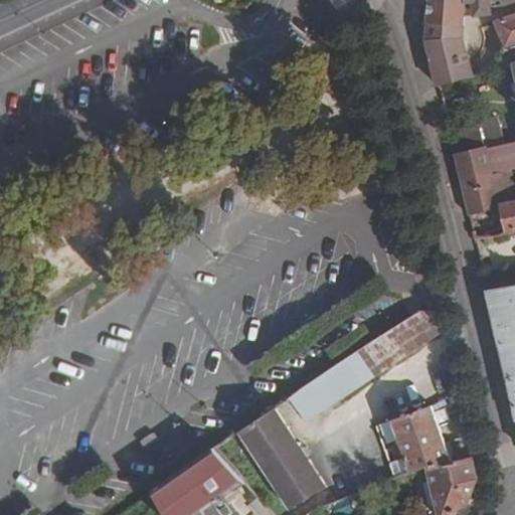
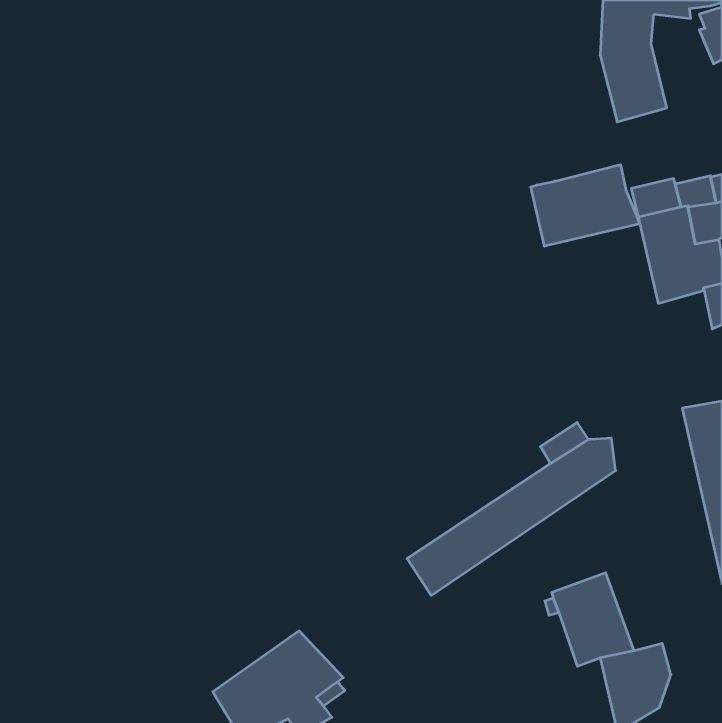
building: none -> [531,165,640,246]
building: [238,408,325,510] -> none

